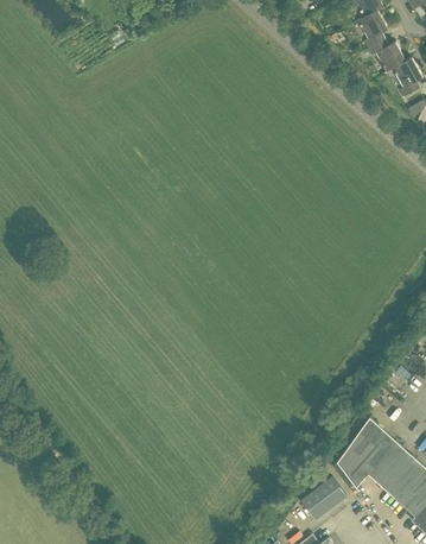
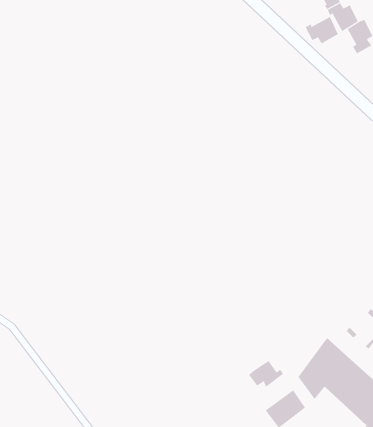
building: none -> [305,16,338,44]
building: none -> [249,360,284,387]

